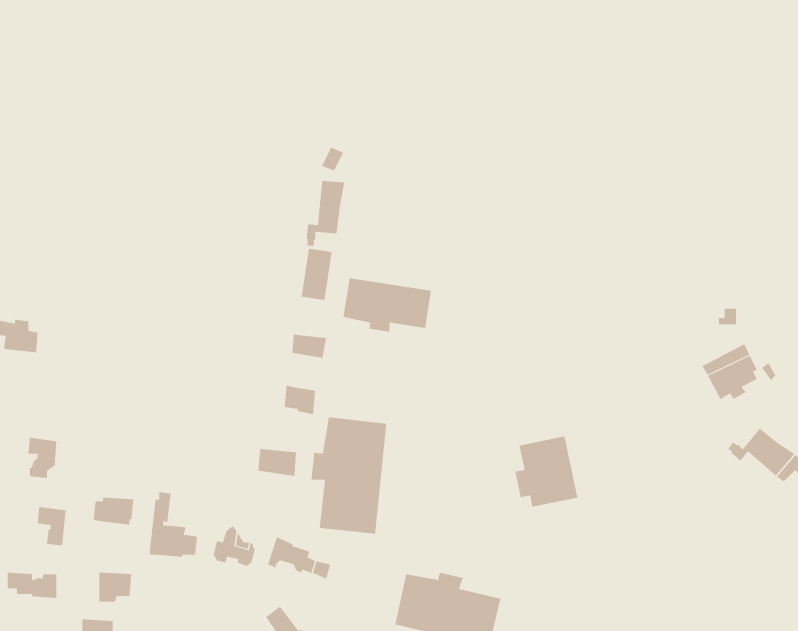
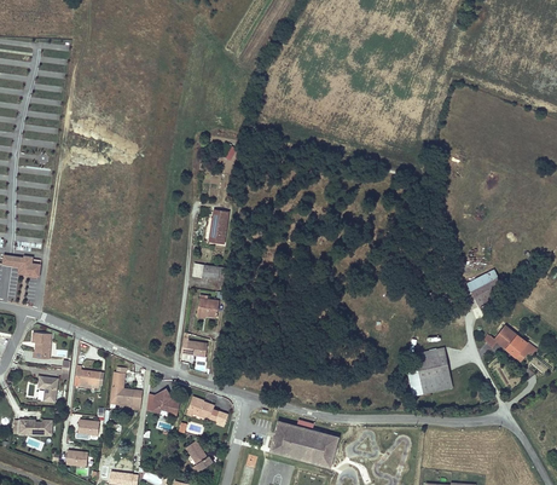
building: [306,180,345,247] -> none
building: [343,277,432,333] -> none
building: [311,417,387,534] -> none
building: [515,436,578,507] -> [411,347,452,393]

